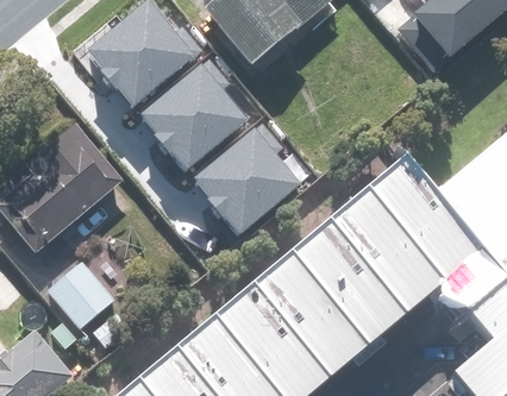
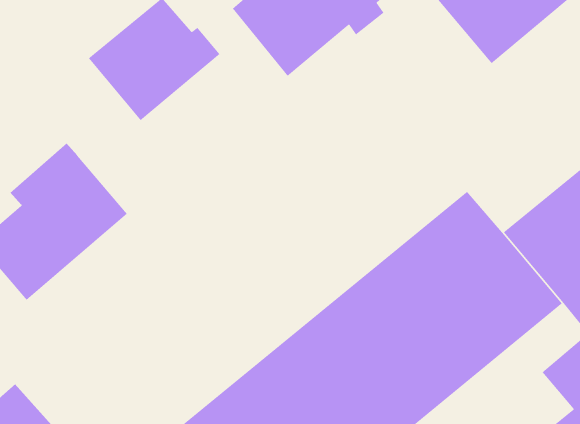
building: [144,58,250,165] -> none
building: [195,121,301,230] -> none
building: [48,259,117,328] -> none

